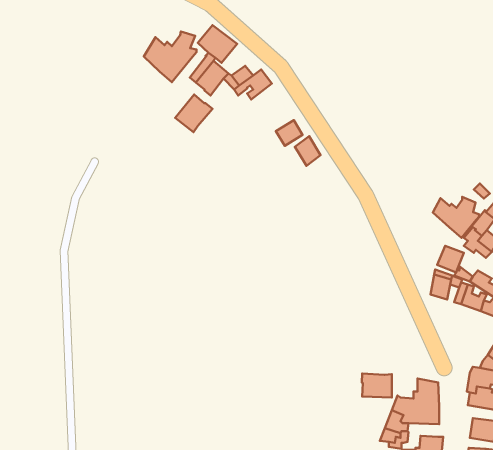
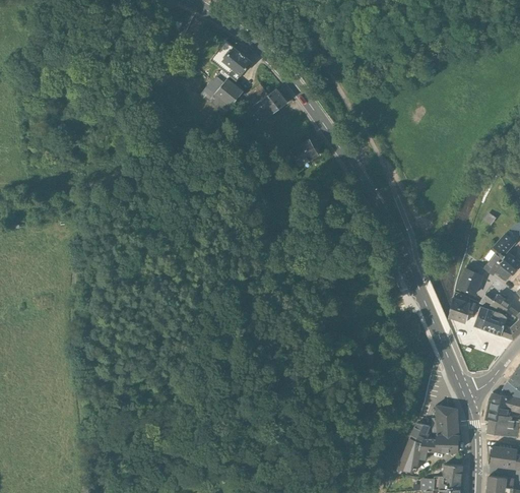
building: [144,31,196,82] -> none
building: [175,95,213,132] -> none
building: [295,136,321,166] -> none
building: [433,197,479,238] -> none
building: [362,373,392,397] -> none

